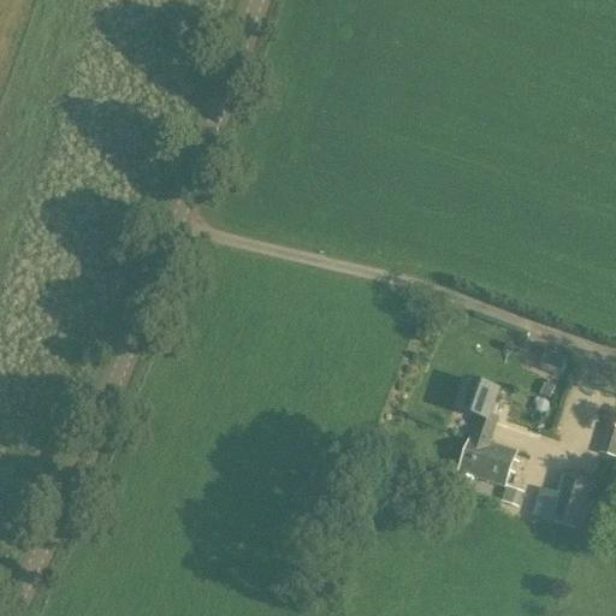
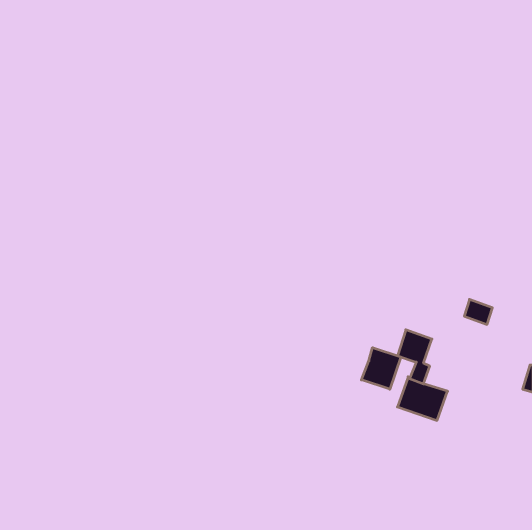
building: none -> [361,348,401,389]
building: [535,473,594,528] -> none

